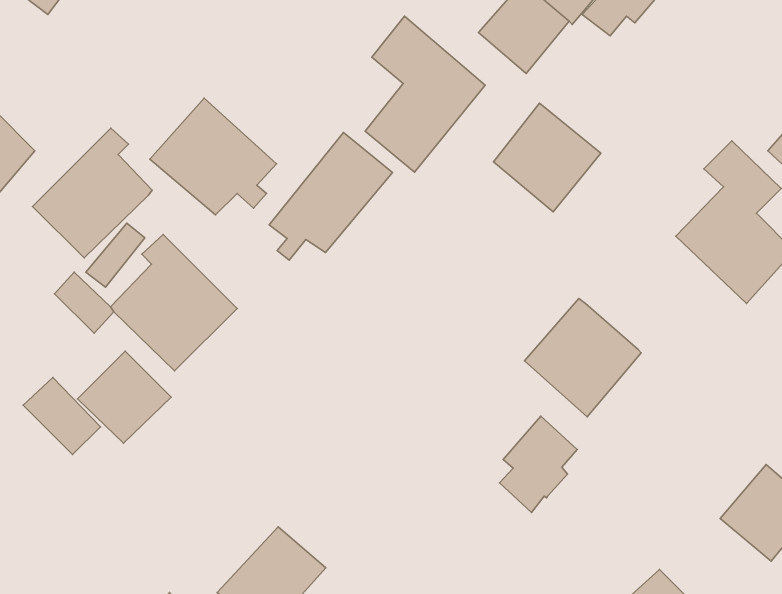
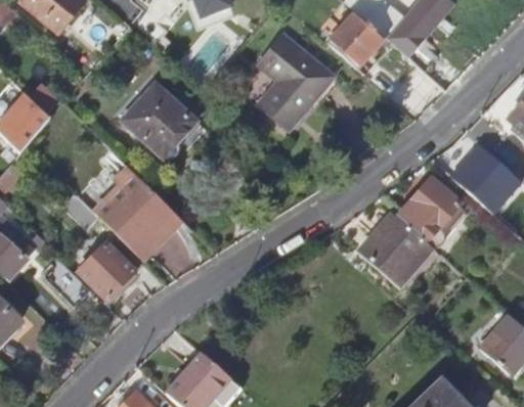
building: [494,103,601,212] -> none
building: [32,128,152,258] -> none
building: [269,132,393,260] -> none
building: none -> [394,177,458,243]
building: [500,416,577,512] -> none

